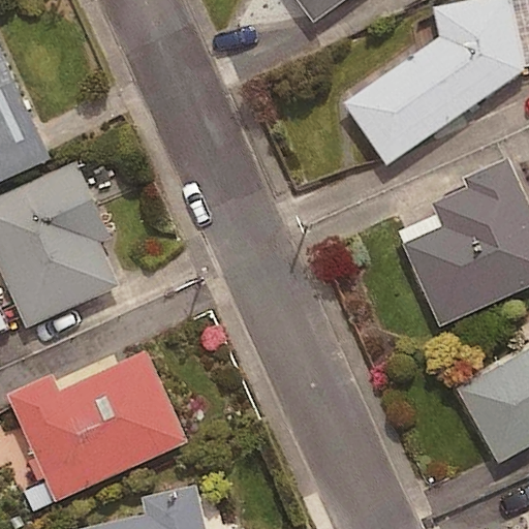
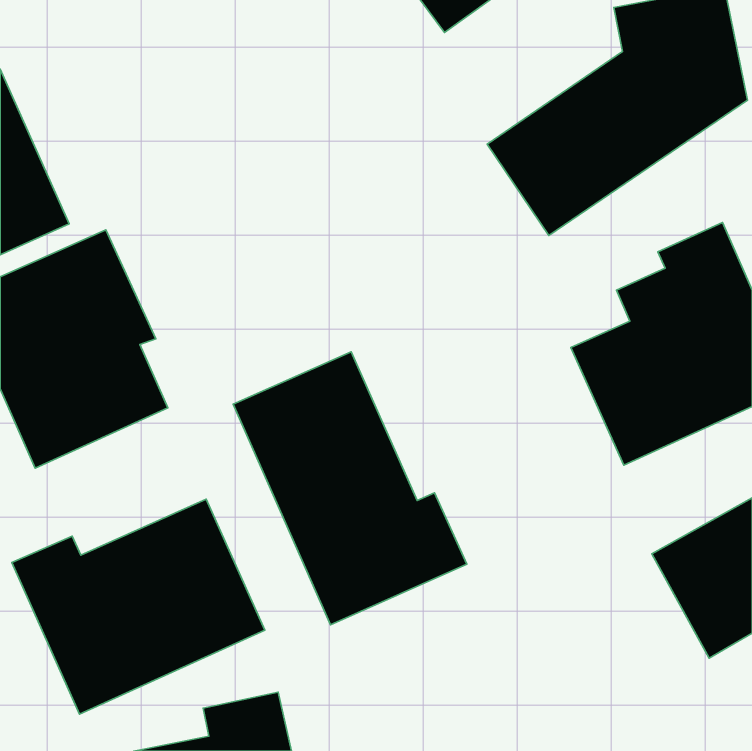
building: none -> [233,352,467,625]

